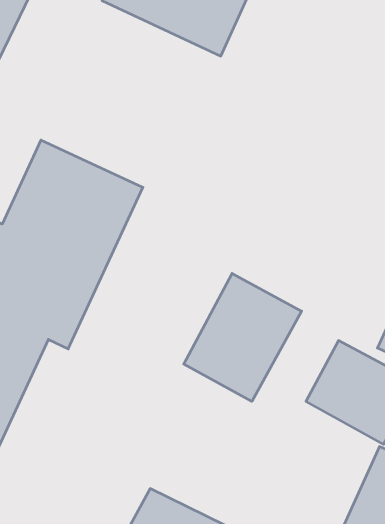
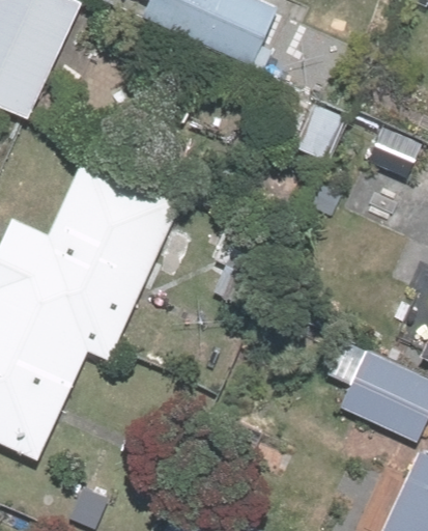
building: [184,273,302,401] -> none

